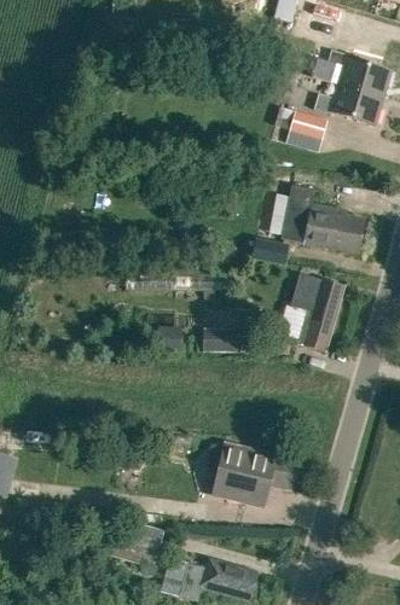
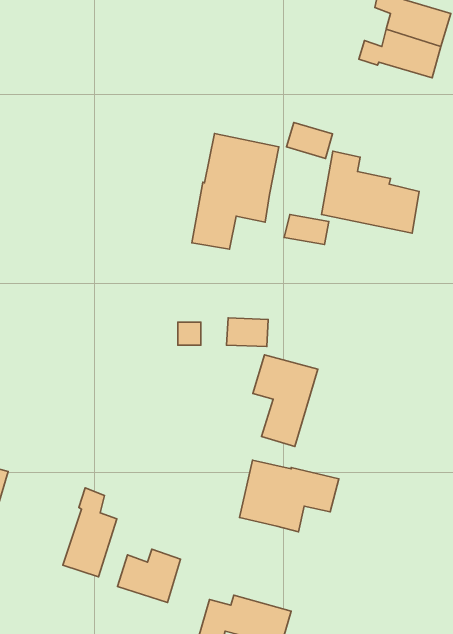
building: [289,107,327,138] -> [287,122,333,158]
building: none -> [192,134,279,249]
building: [289,274,343,351] -> [253,355,318,447]
building: none -> [63,488,117,577]

